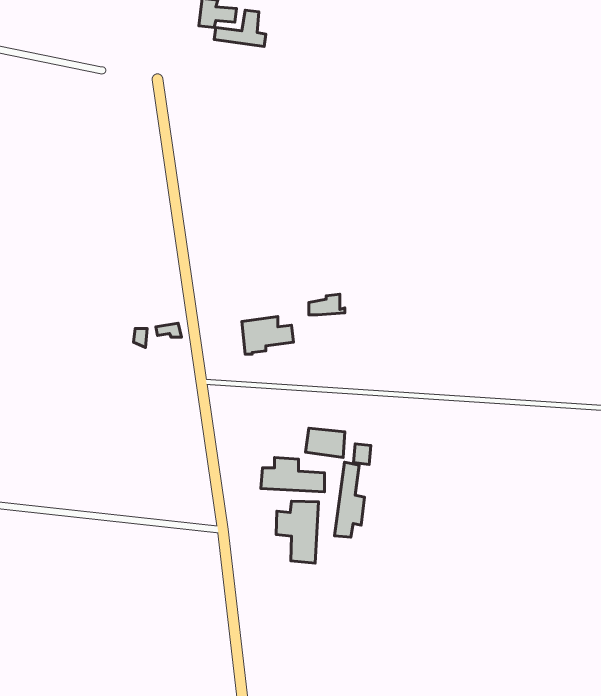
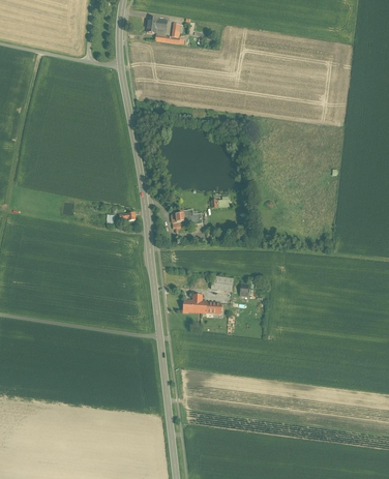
building: [335,462,364,537] -> none
building: [276,501,318,563] -> none

